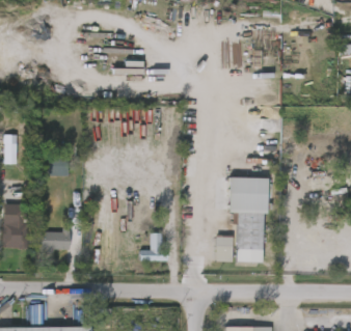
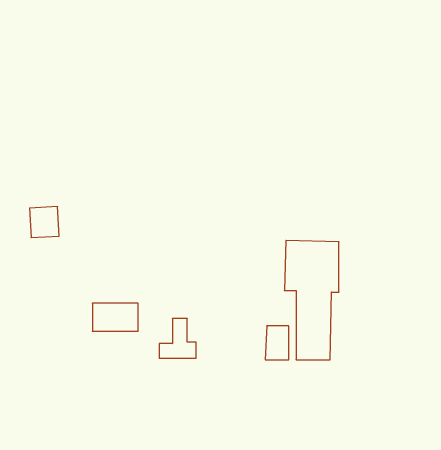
building: [38,231,71,251] -> [92,303,138,331]

